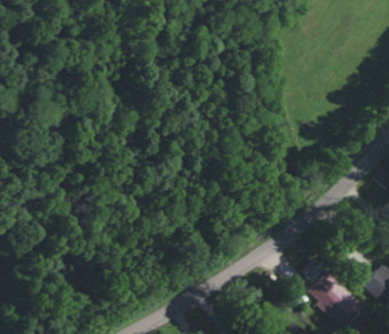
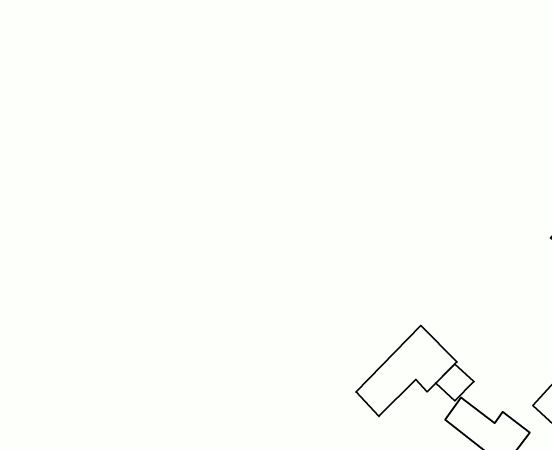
building: none -> [356,326,457,416]

